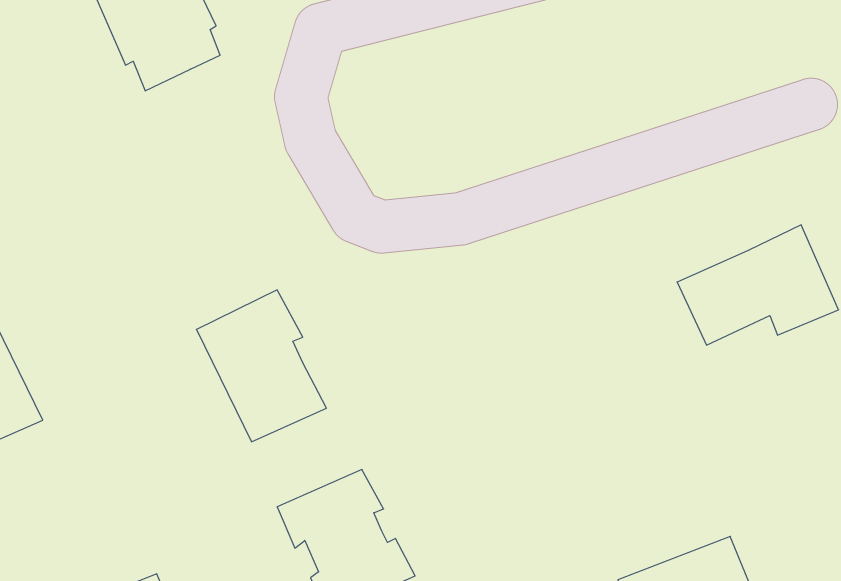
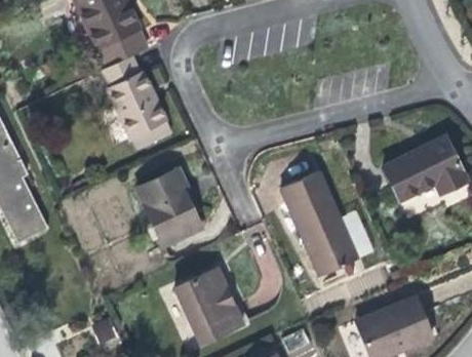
building: none -> [107,55,171,146]
building: none -> [283,170,357,275]

